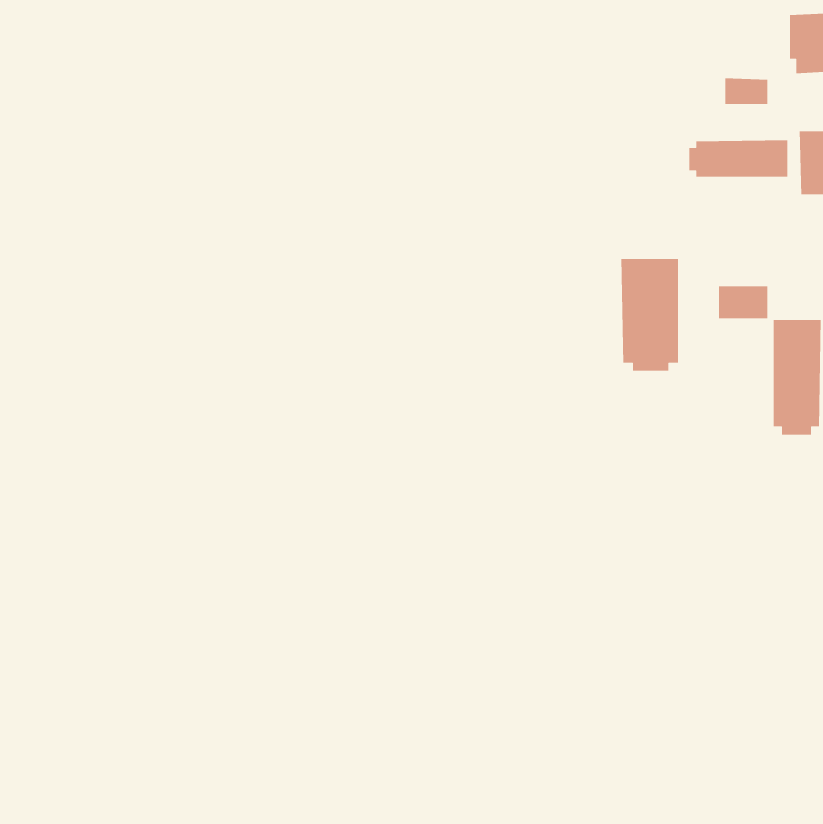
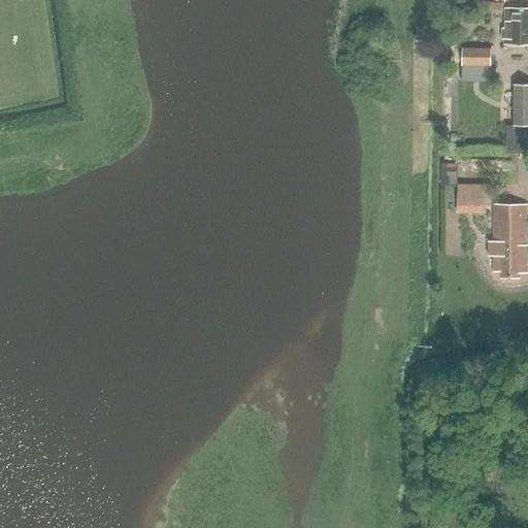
building: [689,139,788,177] -> none
building: [621,258,679,371] -> none

